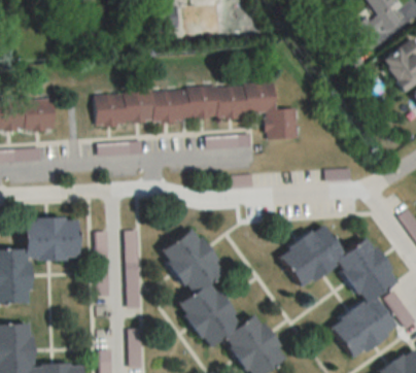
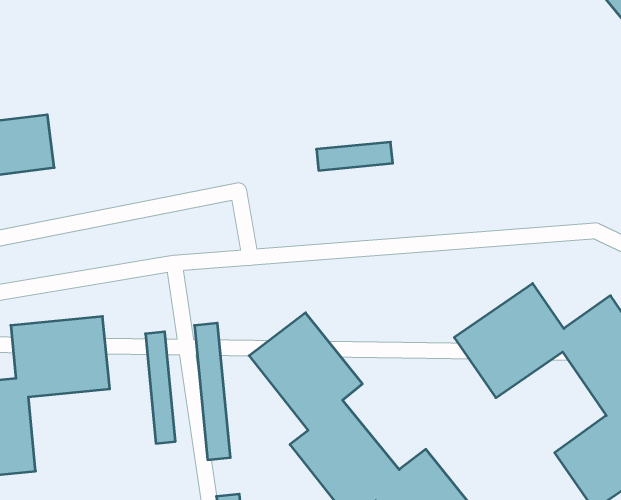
building: [96,82,300,138] -> none

